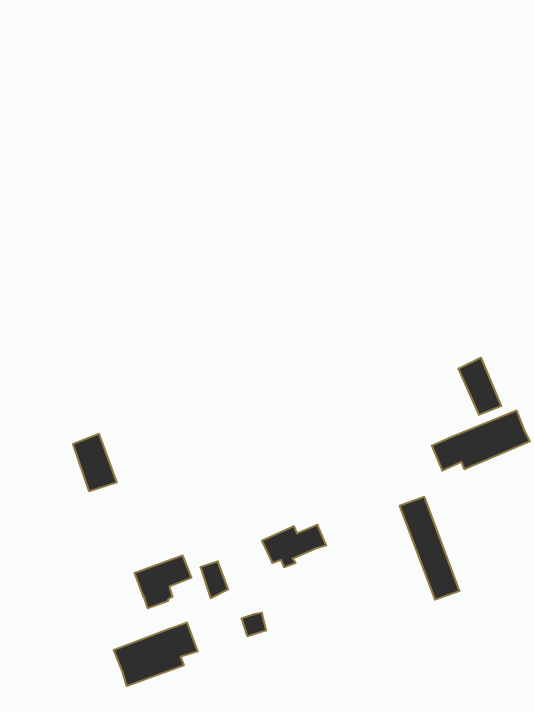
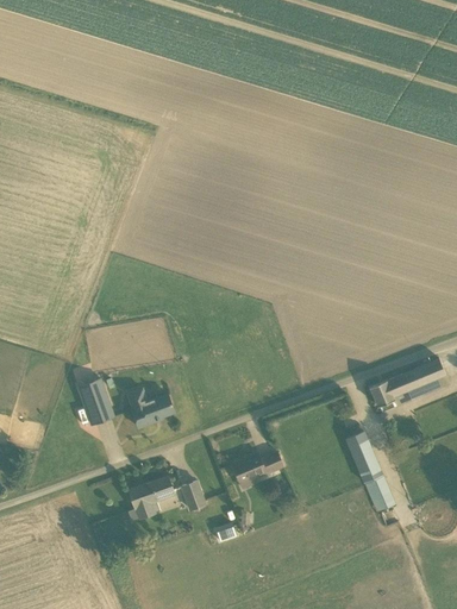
building: [459,358,501,415] -> none
building: none -> [126,387,175,427]
building: [114,622,198,686] -> none

